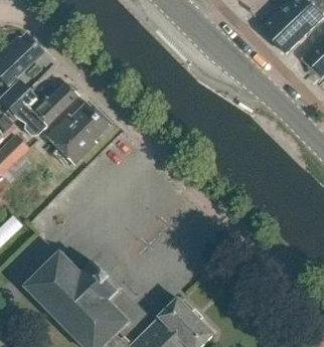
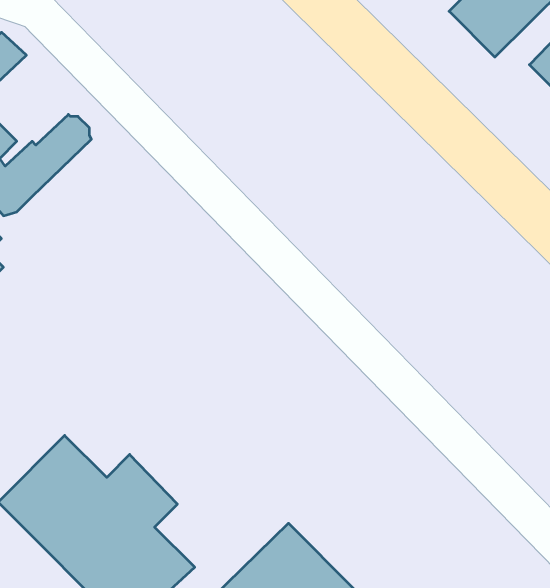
building: [45,101,109,164] -> none

